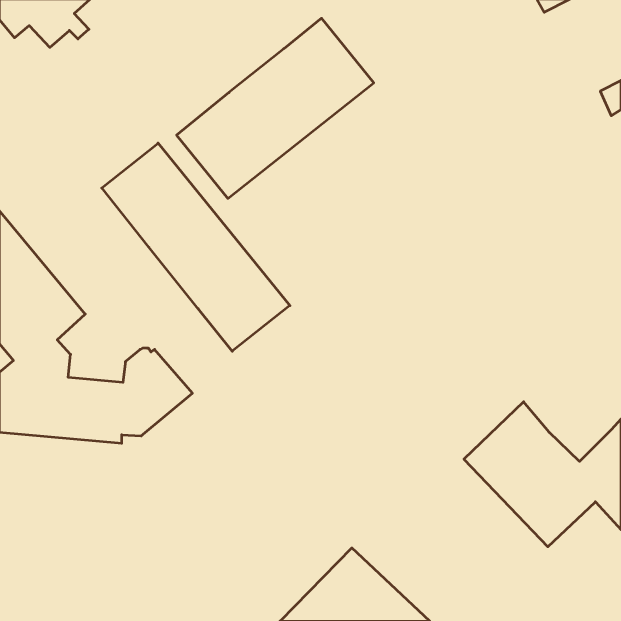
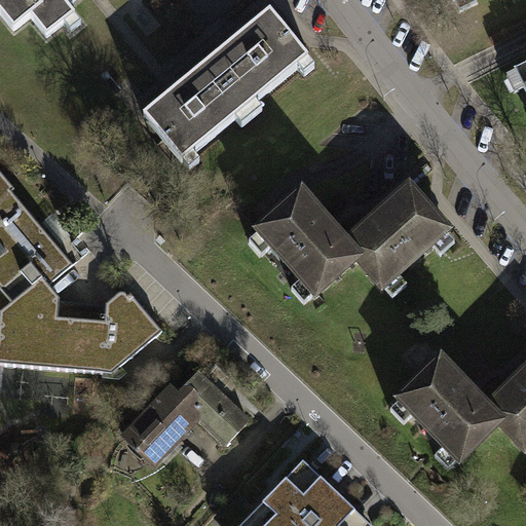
building: [102,143,290,351] -> none
building: none -> [247,167,456,298]
building: none -> [119,367,251,465]

